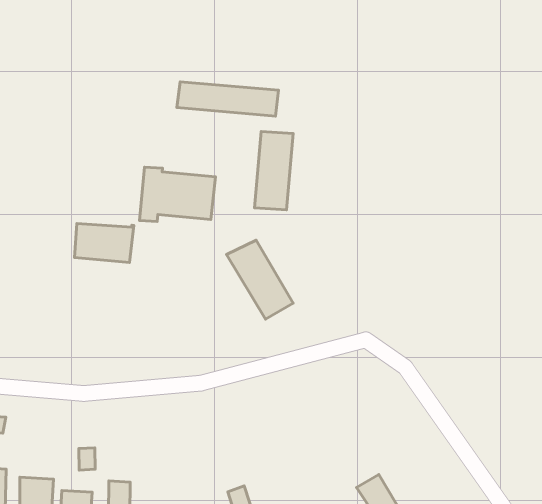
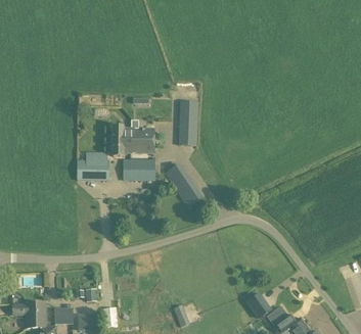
building: [177,82,279,116] -> none
building: none -> [123,158,154,180]

